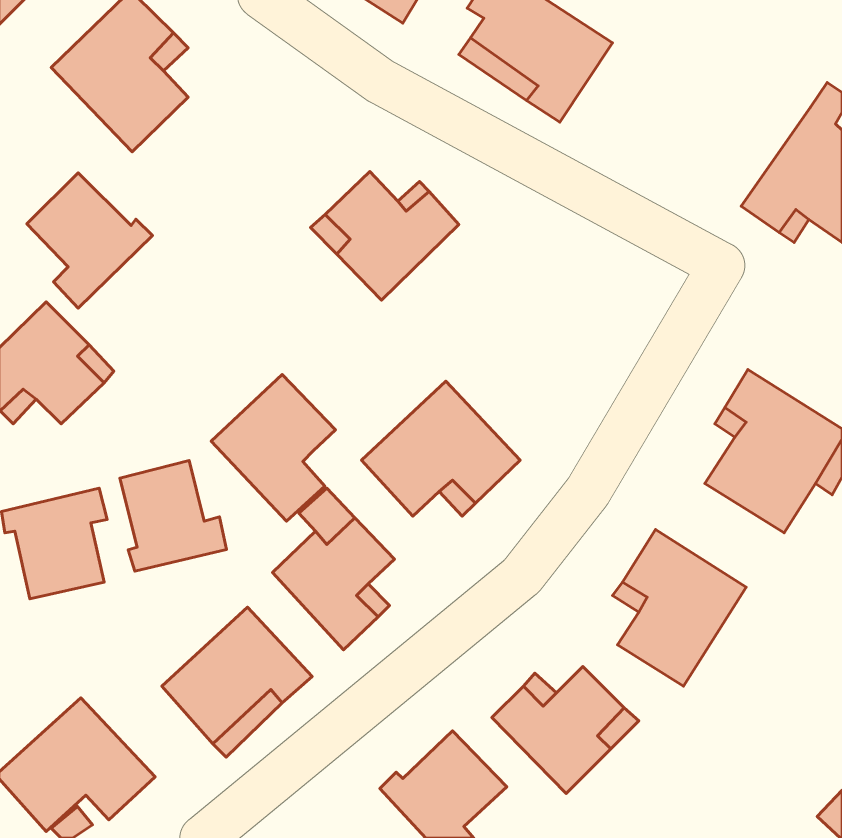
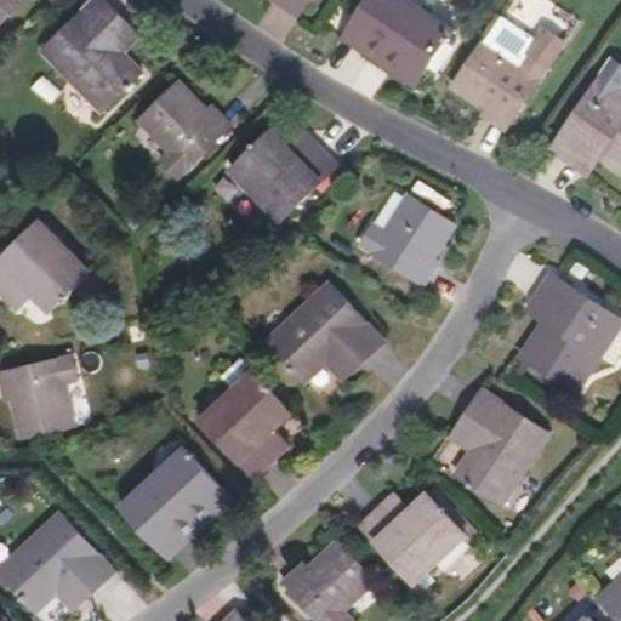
building: none -> [452,13,566,129]
building: [27,173,152,308] -> [137,79,229,178]
building: none -> [359,192,454,284]
building: [211,375,335,521] -> none
building: [120,460,226,571] -> none

